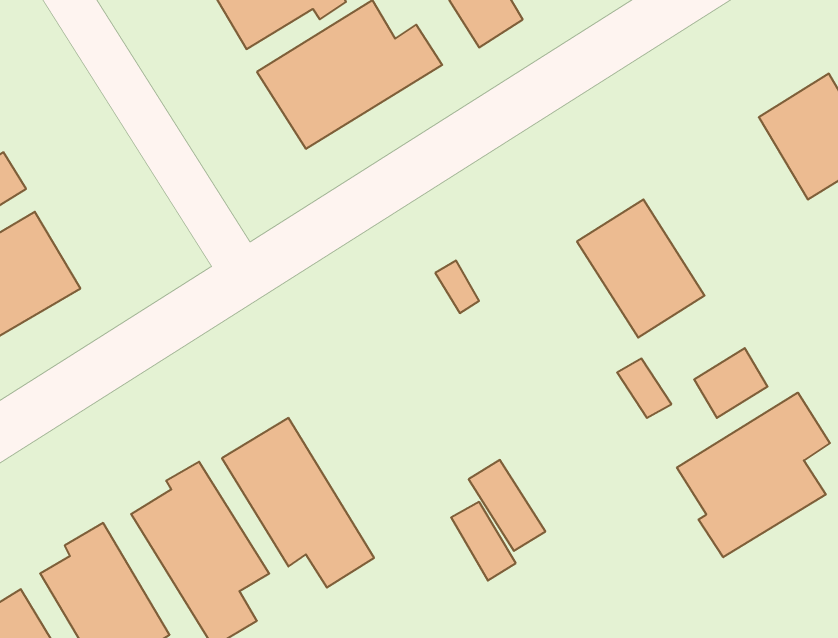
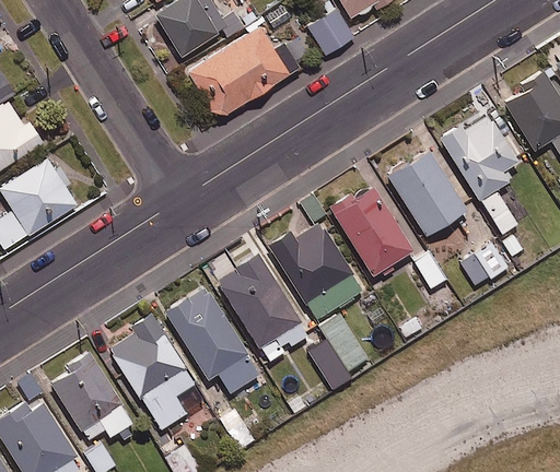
building: none -> [440,116,518,235]
building: none -> [330,182,413,275]
building: none -> [269,223,363,320]
building: none -> [217,253,308,362]
building: [677,393,830,557] -> none

